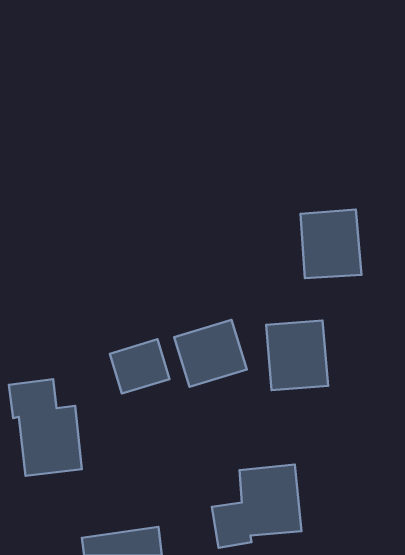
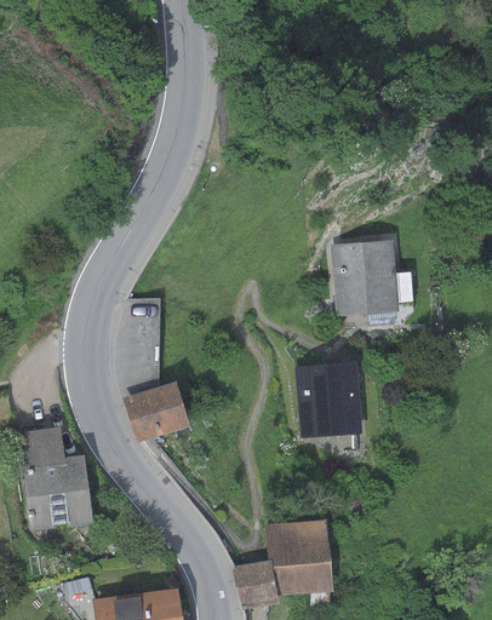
building: [174,320,247,387] -> none

